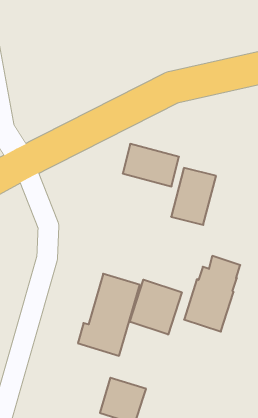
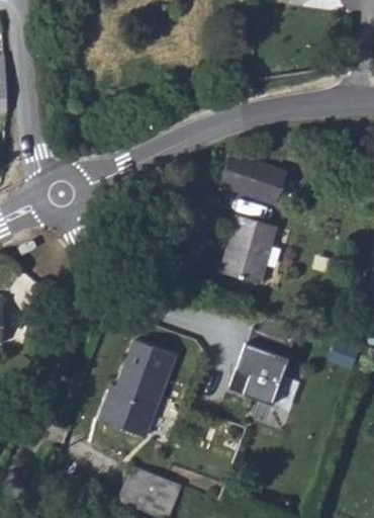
building: [123,144,179,186] -> [222,152,290,205]
building: [130,280,182,335] -> none

